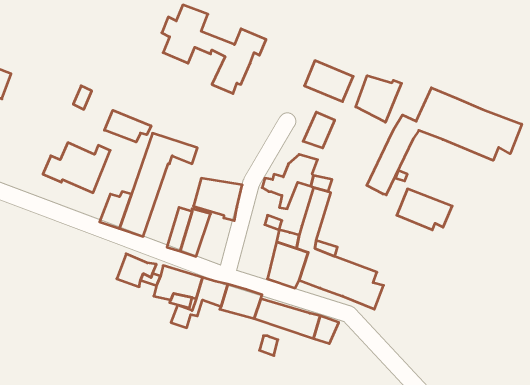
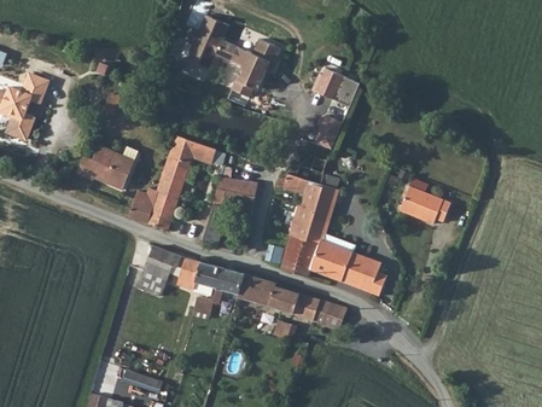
building: [356,76,402,122] -> none
building: [367,88,522,195] -> none
building: [104,110,151,142] -> none

